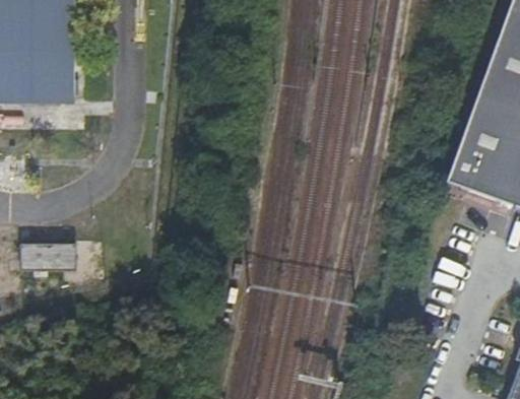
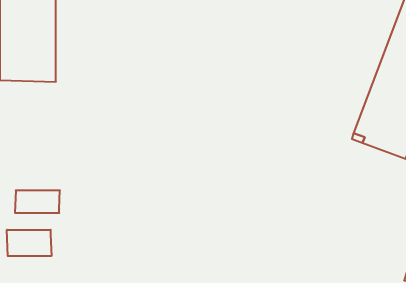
building: none -> [7,230,51,256]

